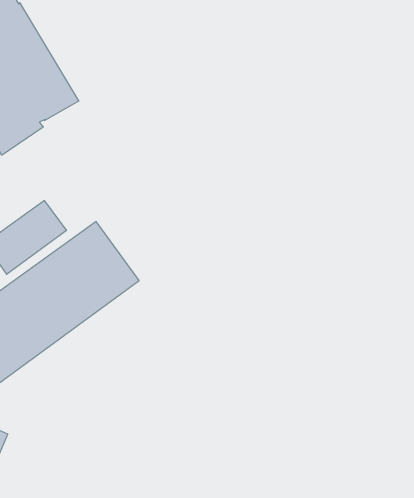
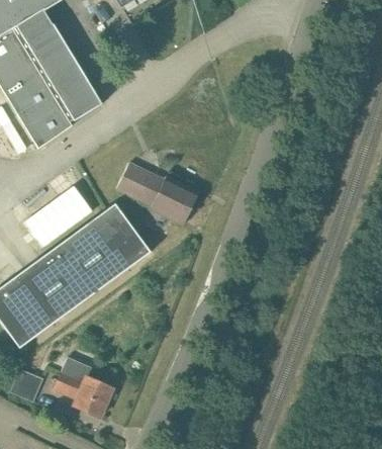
building: none -> [115,162,199,226]
building: none -> [54,356,112,417]

